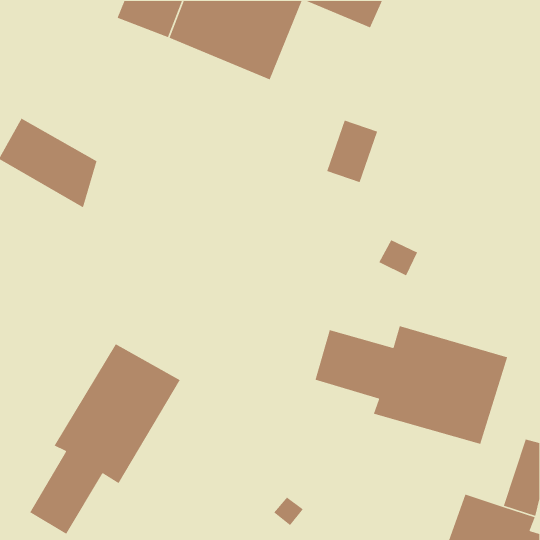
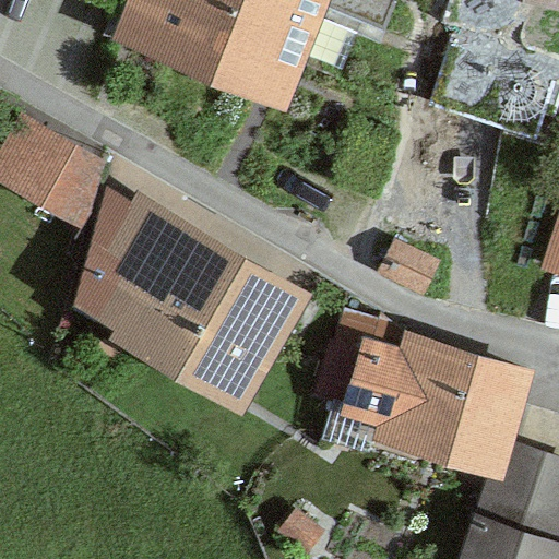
building: none -> [83,195,282,379]
building: [29,343,181,535] -> none

